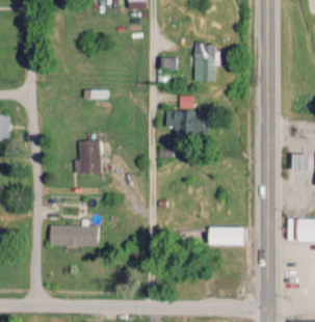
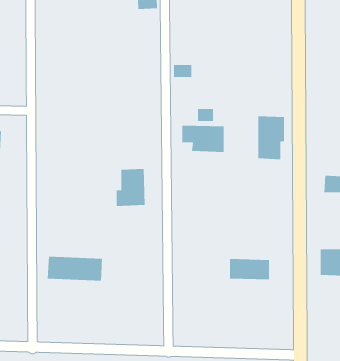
building: [194,43,218,81] -> [257,116,285,160]
building: [75,140,101,173] -> [116,168,146,206]

